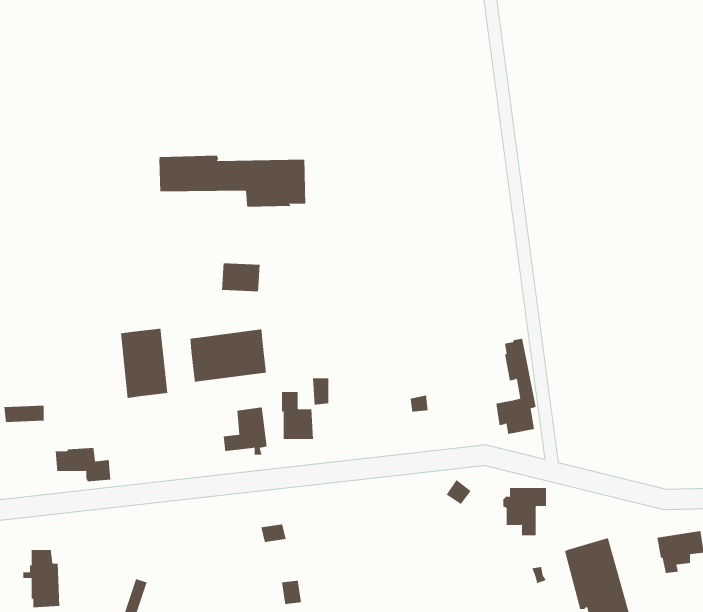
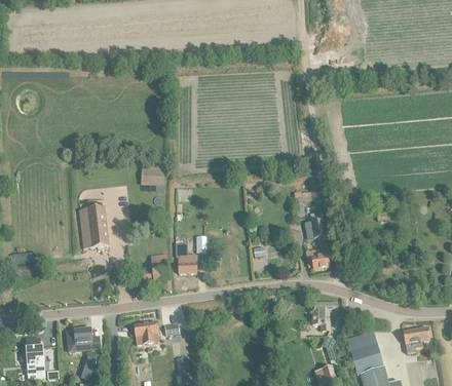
building: [159,155,306,208] -> none
building: [190,329,267,383] -> none
building: [55,447,111,482] -> [67,327,101,348]
building: none -> [133,320,158,343]

